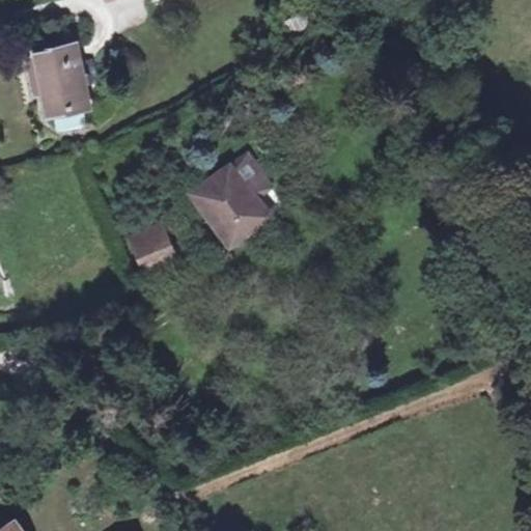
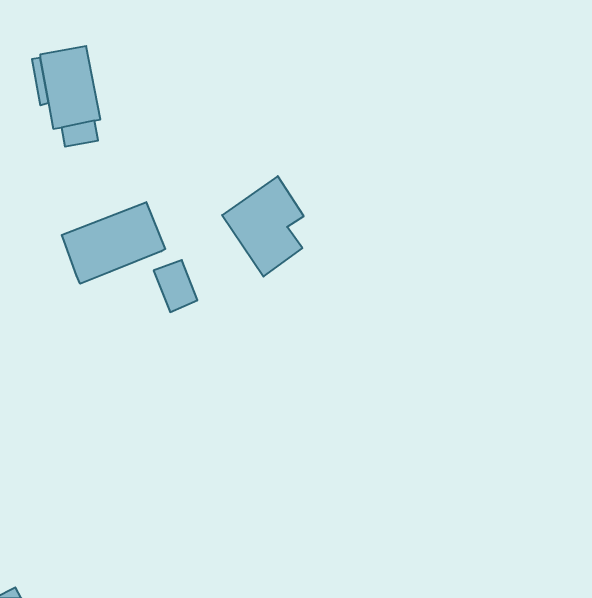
building: none -> [62,202,165,284]

